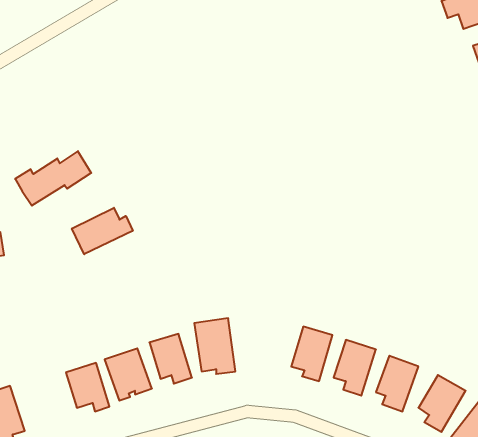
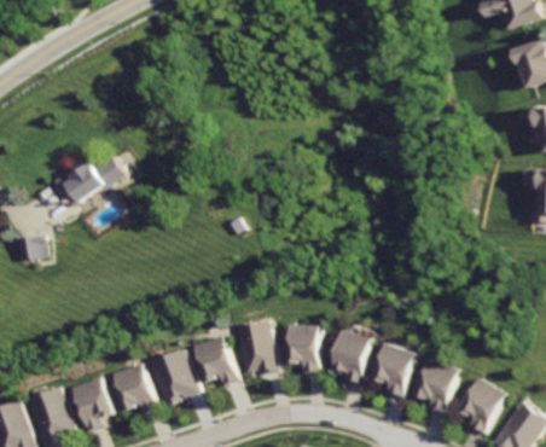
building: [72,208,133,254] -> none
building: none -> [286,324,318,375]
building: none -> [64,377,105,434]

